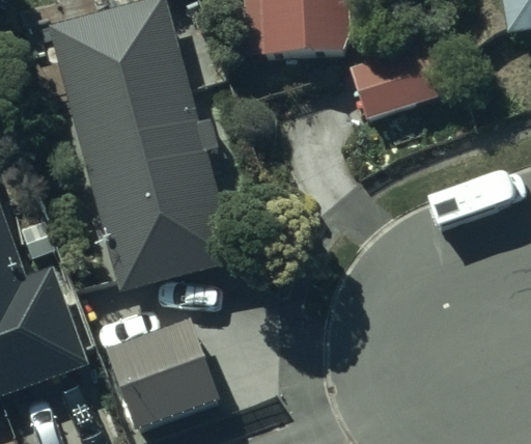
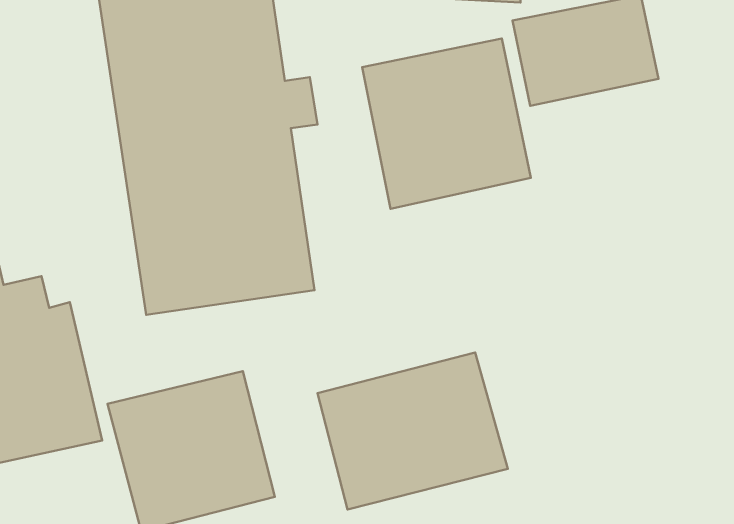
building: none -> [362,38,531,209]
building: none -> [318,352,508,510]

